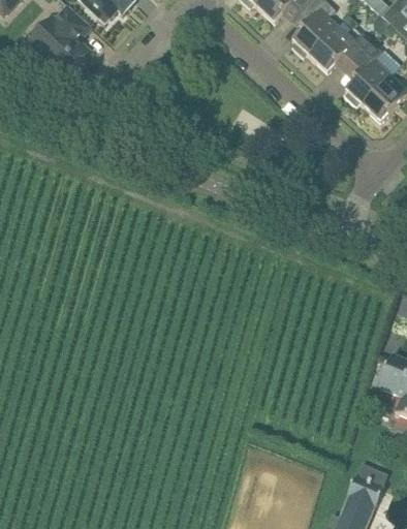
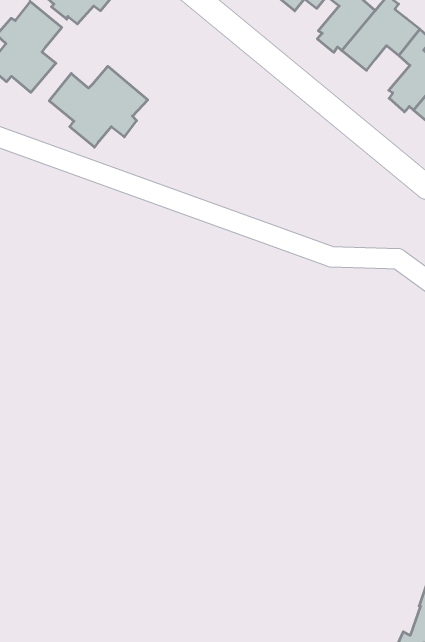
building: none -> [49,66,148,147]

